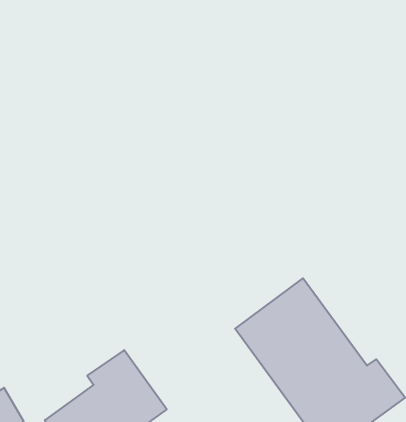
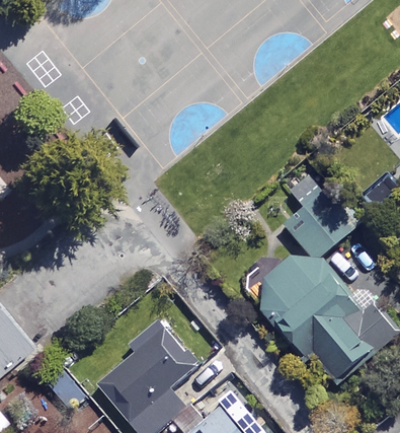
building: none -> [287,174,354,261]

